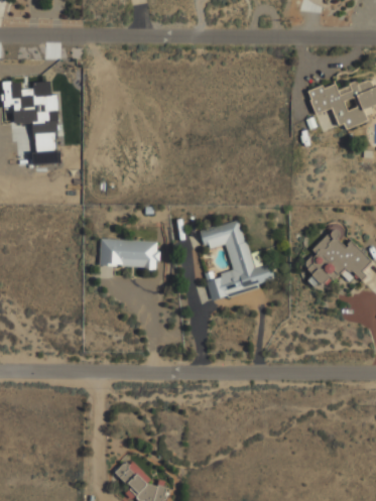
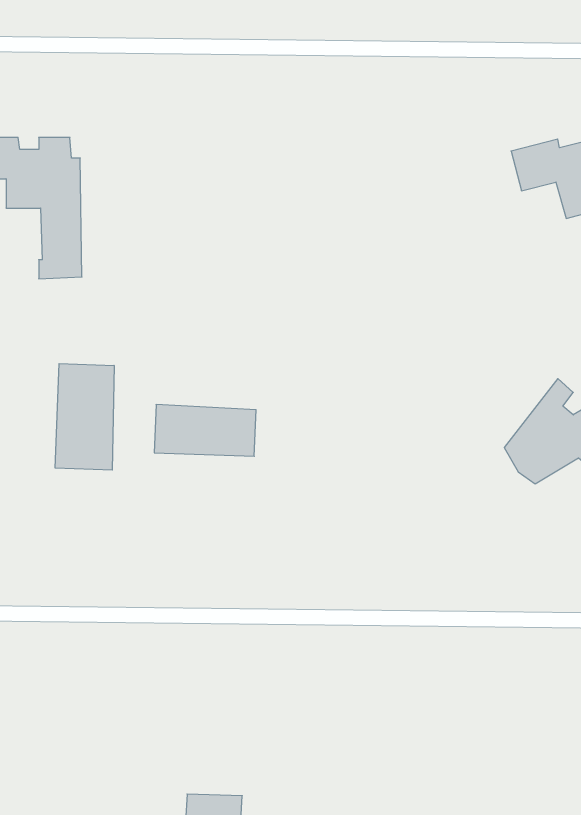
building: none -> [55,364,114,470]
building: [200,219,276,299] -> none

